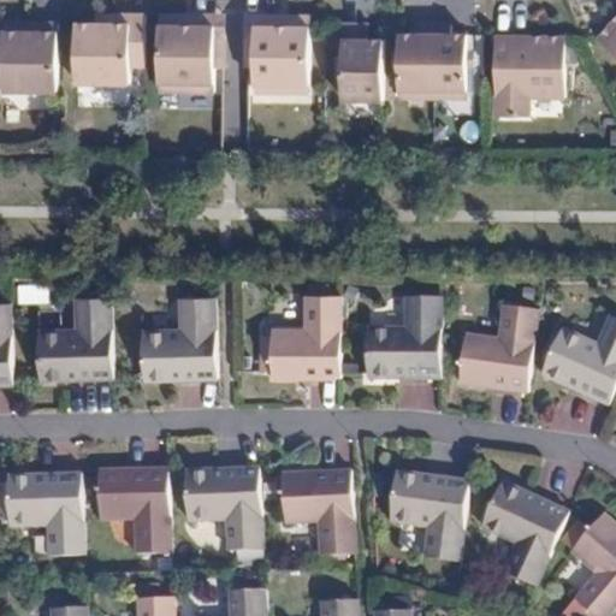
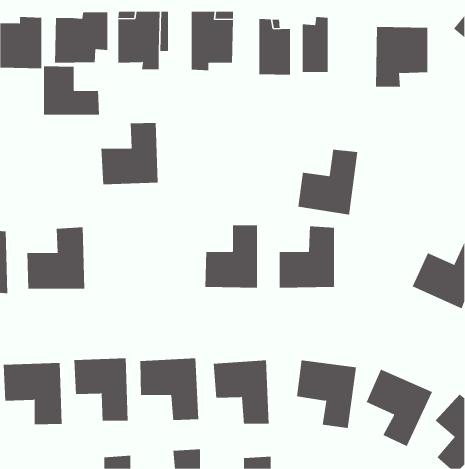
building: [431,23,466,96] -> none
building: none -> [44,65,99,116]
building: [140,297,215,379] -> [101,122,158,185]
building: [457,307,537,393] -> [298,149,358,215]

